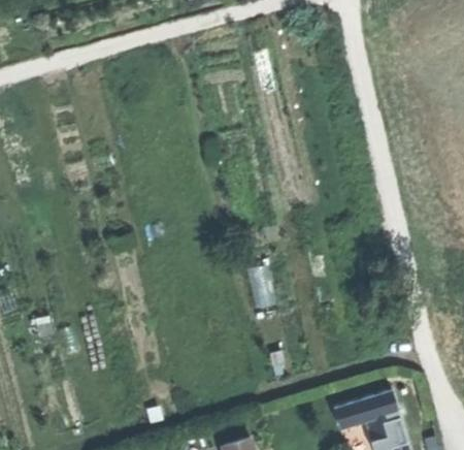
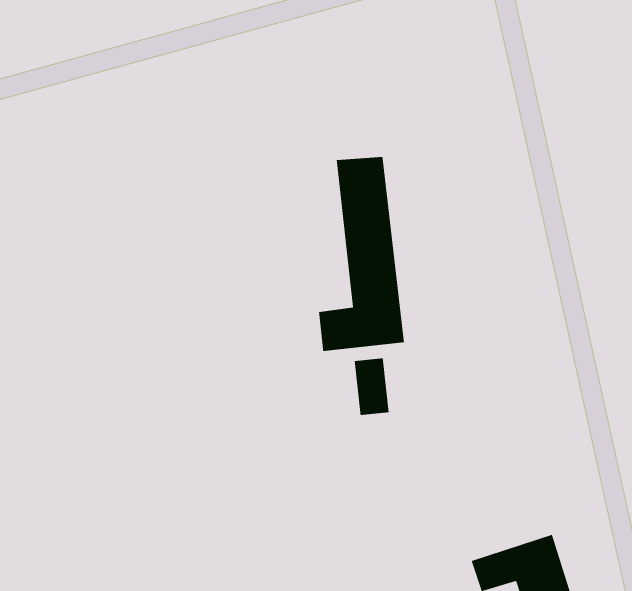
building: none -> [319,156,405,352]

